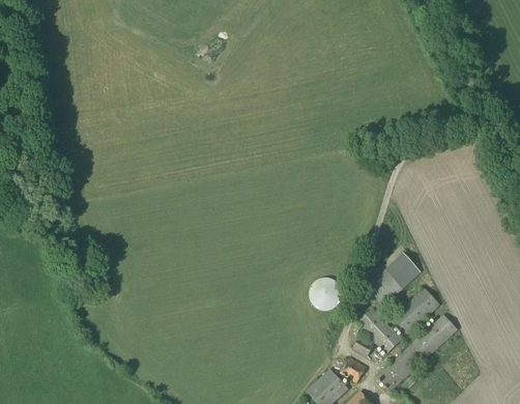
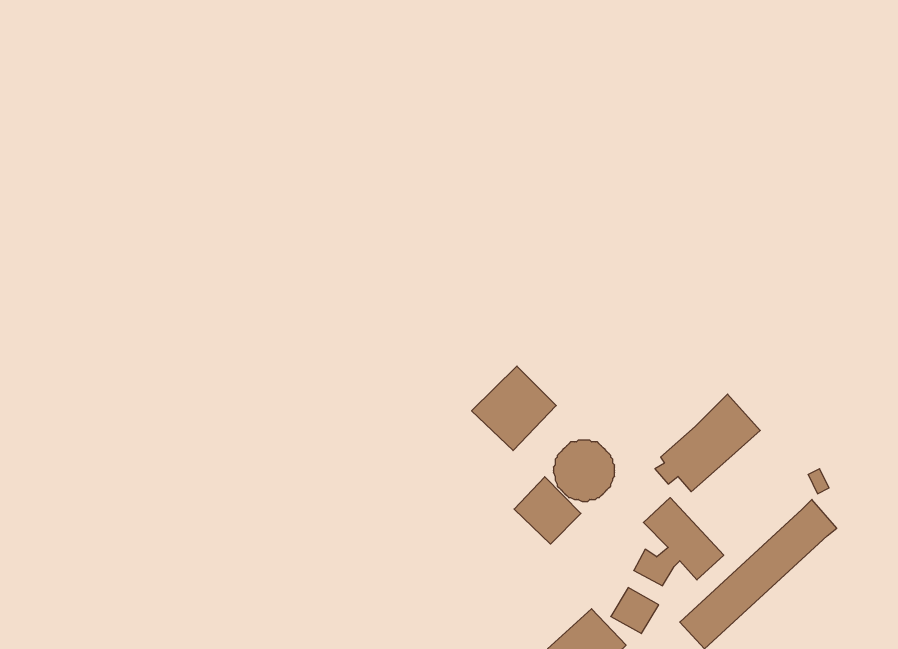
building: none -> [472,366,556,451]
building: [393,287,439,333] -> none
building: none -> [514,477,581,544]

